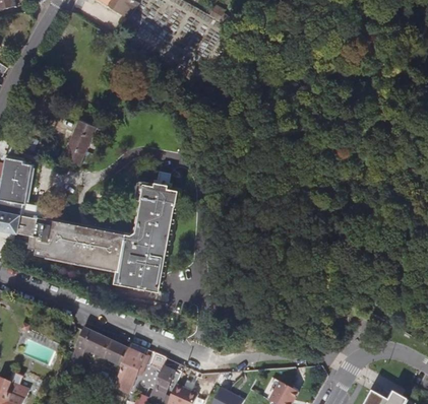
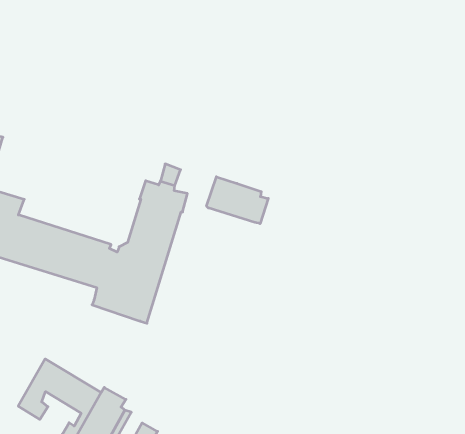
building: [61,121,95,166] -> none
building: none -> [207,177,268,224]

